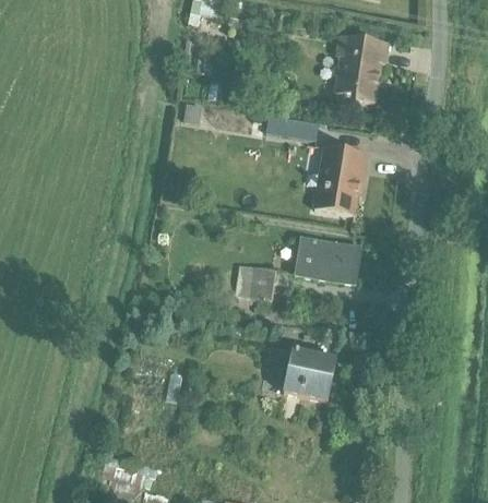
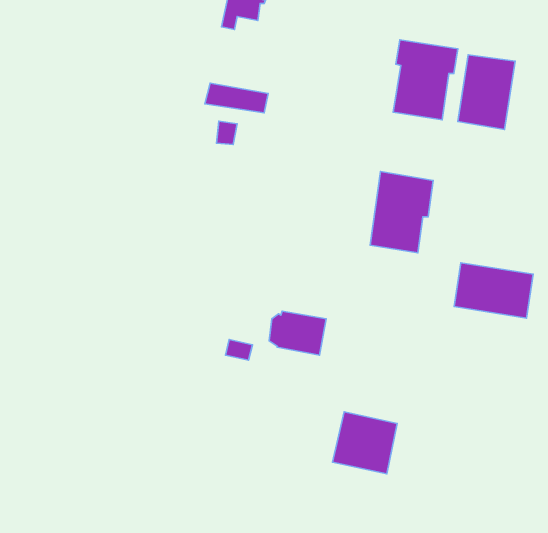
building: none -> [458,55,515,130]
building: [265,115,319,140] -> [205,83,268,113]
building: [294,237,360,284] -> [454,263,533,318]

